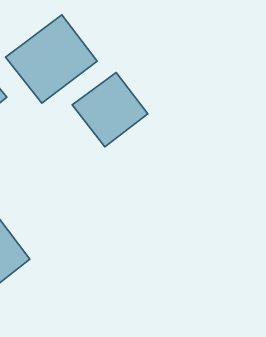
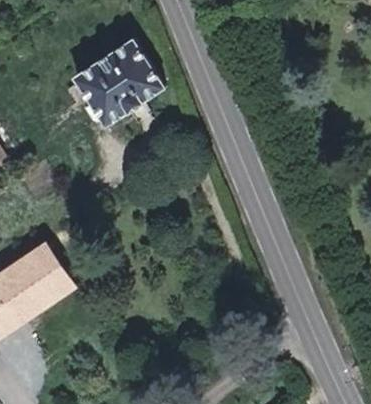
building: [72,72,148,147] -> none

